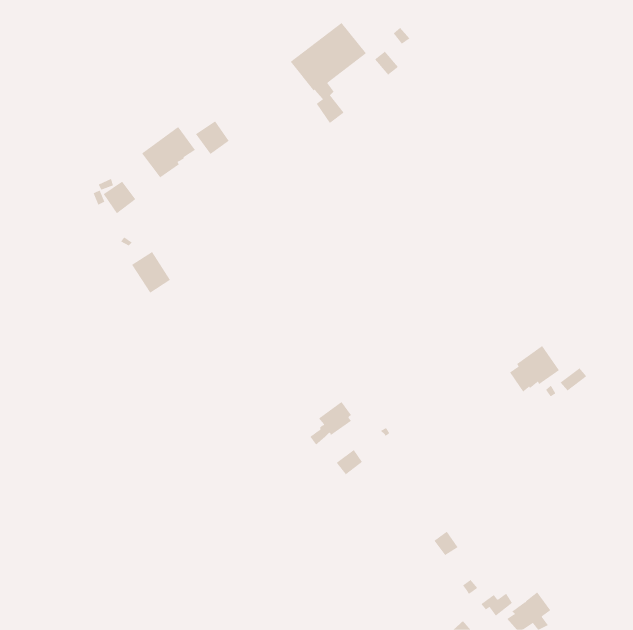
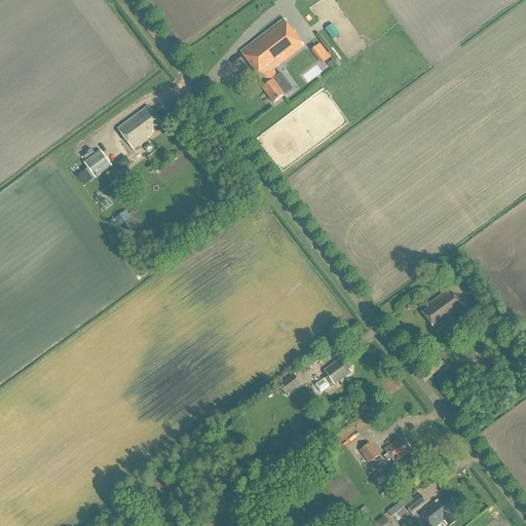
building: [195,120,230,155] -> none
building: [310,401,352,446] -> [316,354,351,391]
building: none -> [383,436,412,460]

